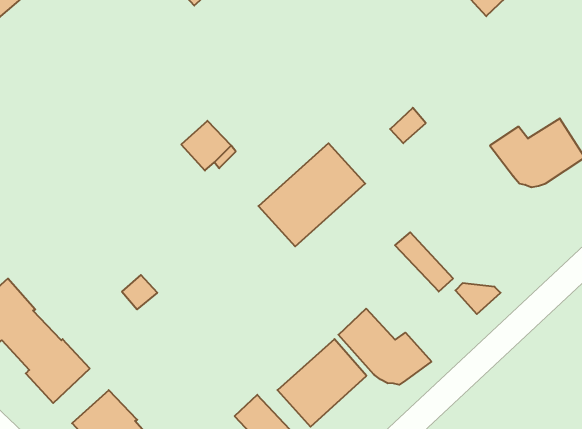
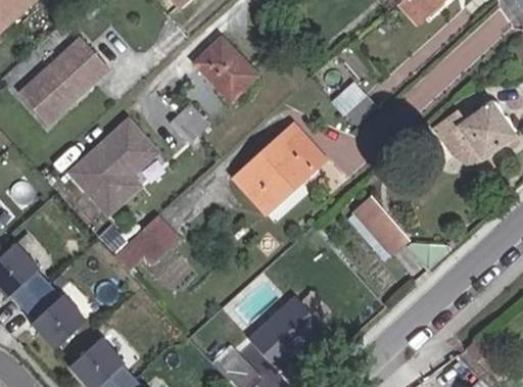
building: none -> [18,26,130,125]
building: none -> [188,41,254,107]
building: none -> [70,119,157,213]
building: none -> [131,215,178,262]
building: [338,309,431,385] -> none

